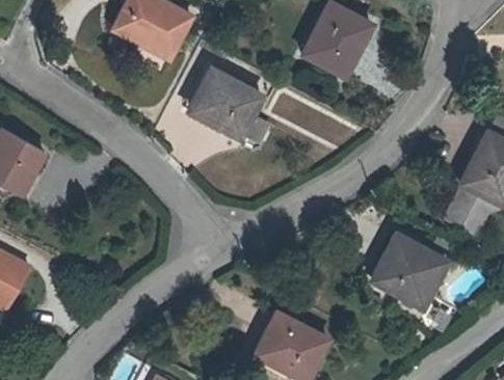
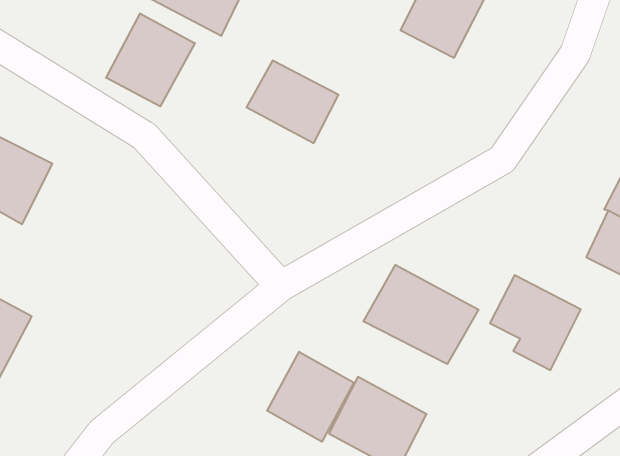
building: none -> [106,13,195,106]
building: none -> [363,265,479,364]
building: none -> [267,352,354,442]

